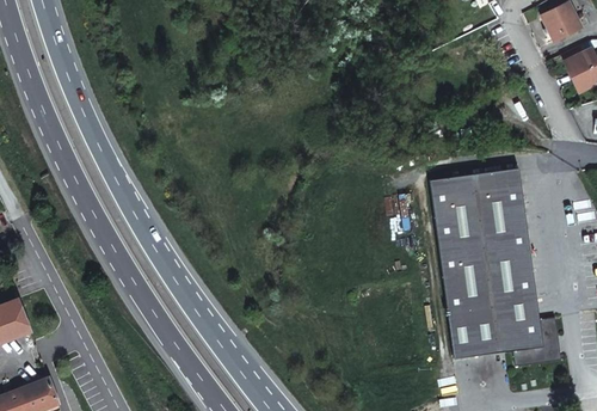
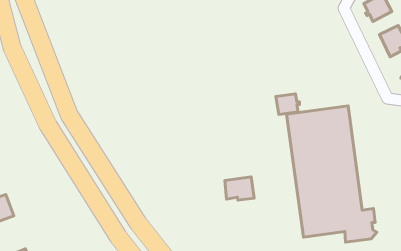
building: none -> [276,94,300,115]
building: none -> [225,177,254,200]

